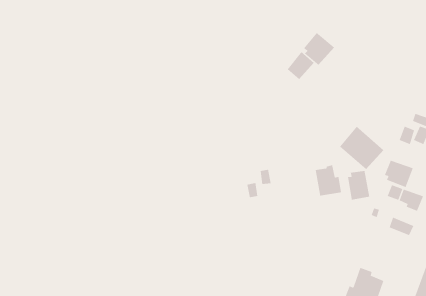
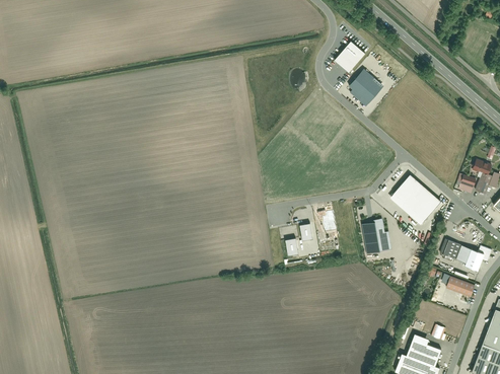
building: [287,51,315,80] -> [336,41,367,73]
building: [384,160,413,188] -> none
building: [348,170,370,201] -> none

